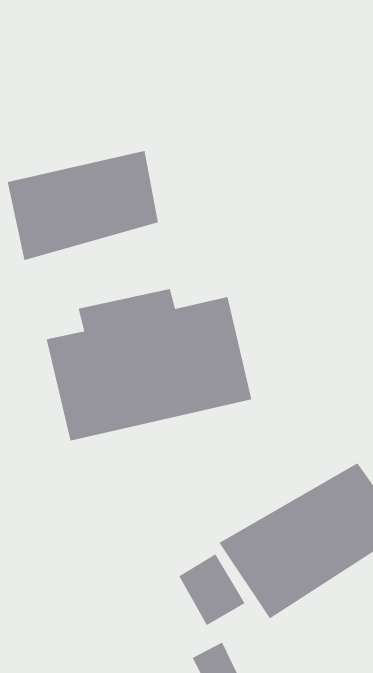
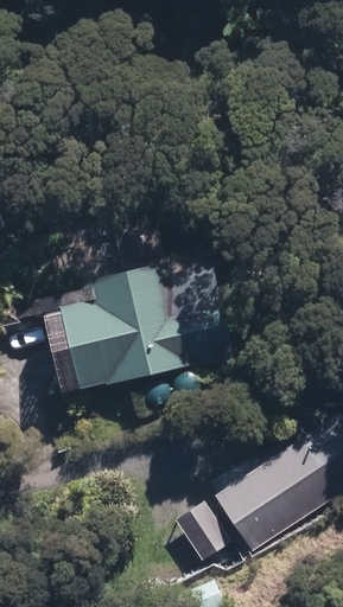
building: [7,150,158,261] -> none

